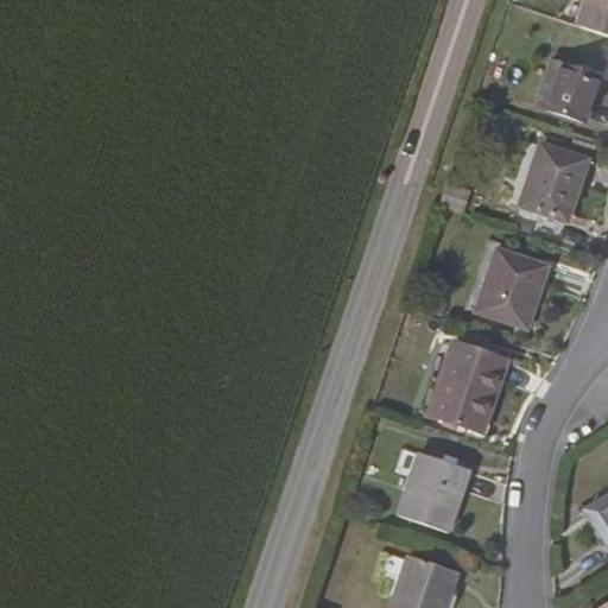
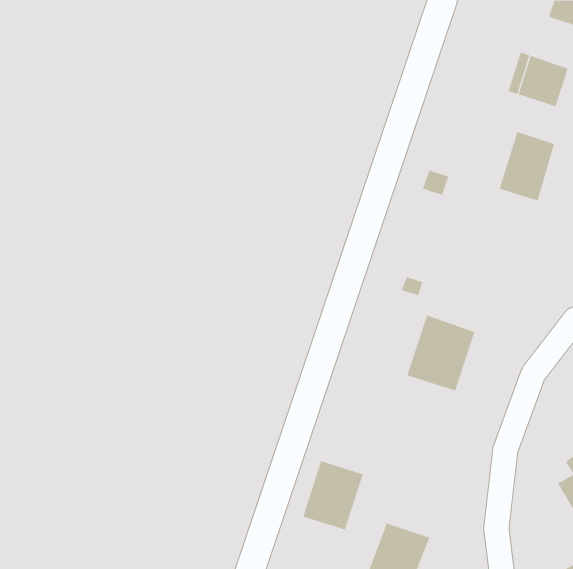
building: [475,249,547,329] -> none
building: [399,456,463,530] -> [303,461,363,530]

